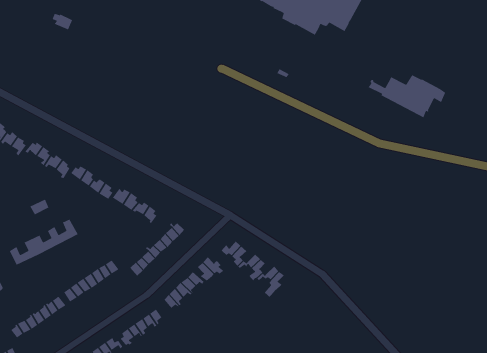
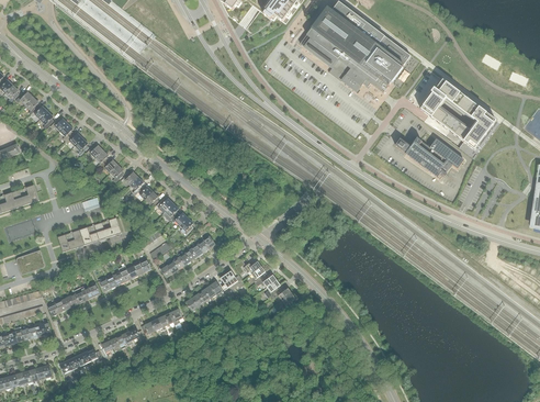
building: none -> [419,77,495,147]

